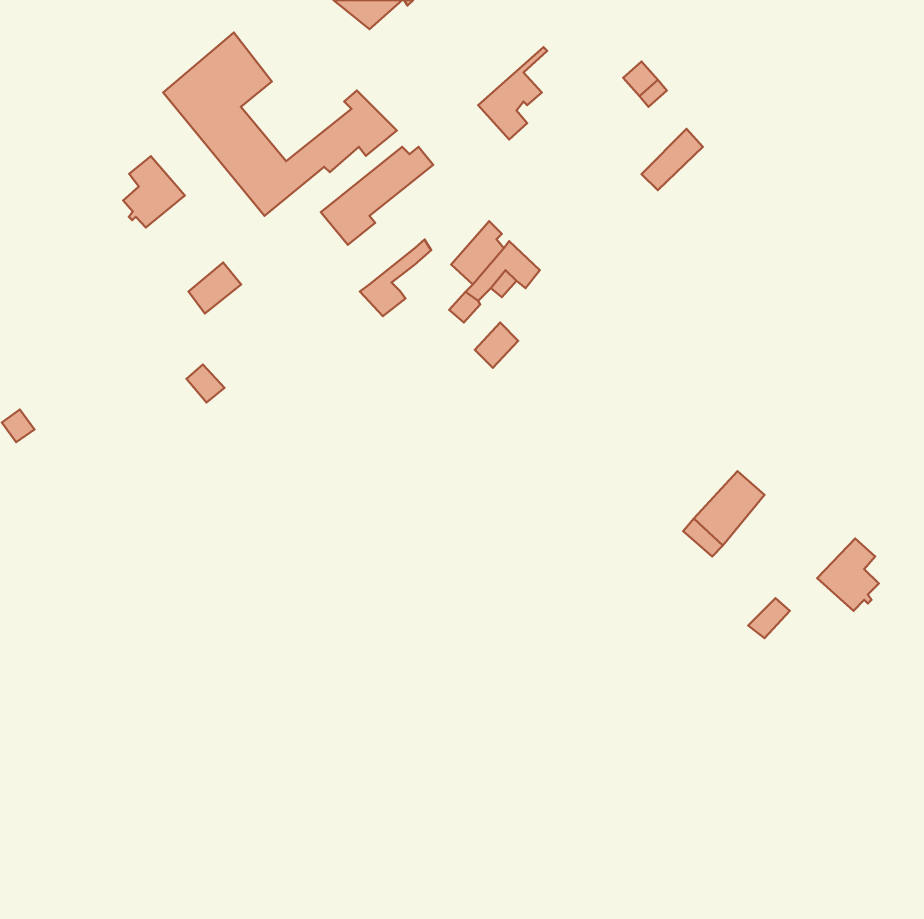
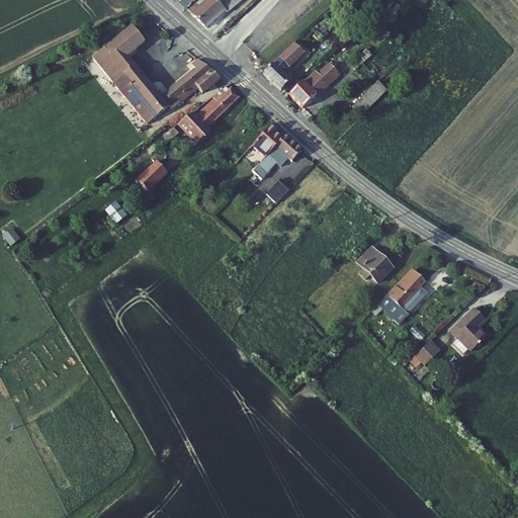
building: none -> [293,59,344,102]
building: [123,156,185,227] -> none
building: [360,239,431,316] -> none
building: [189,263,241,313] -> [139,164,168,192]
building: none -> [358,248,395,283]

